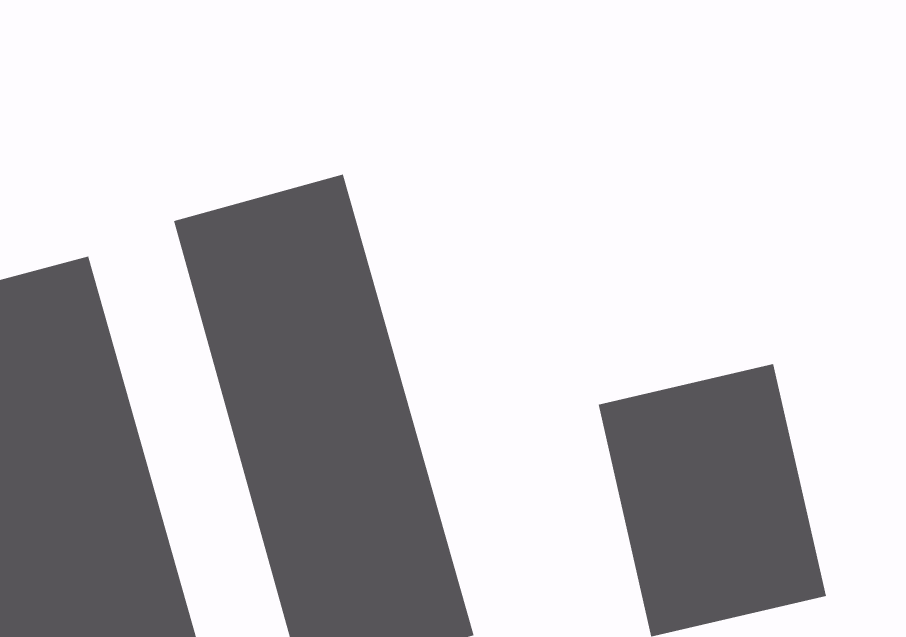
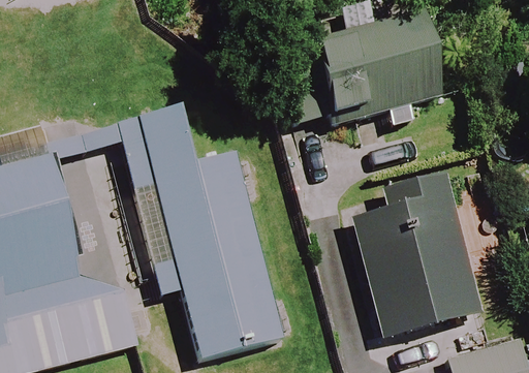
building: none -> [273,18,438,127]

